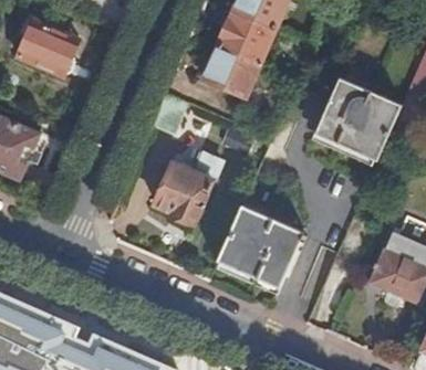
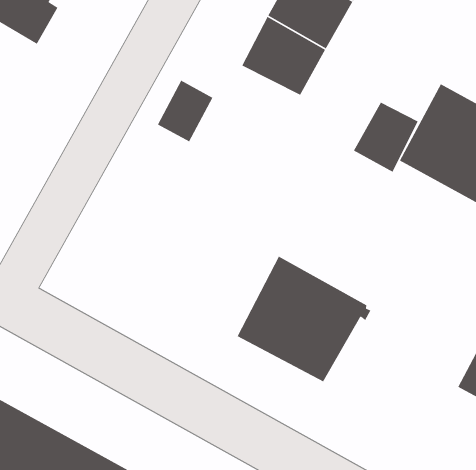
building: none -> [353,102,419,173]
building: [154,154,221,224] -> none

